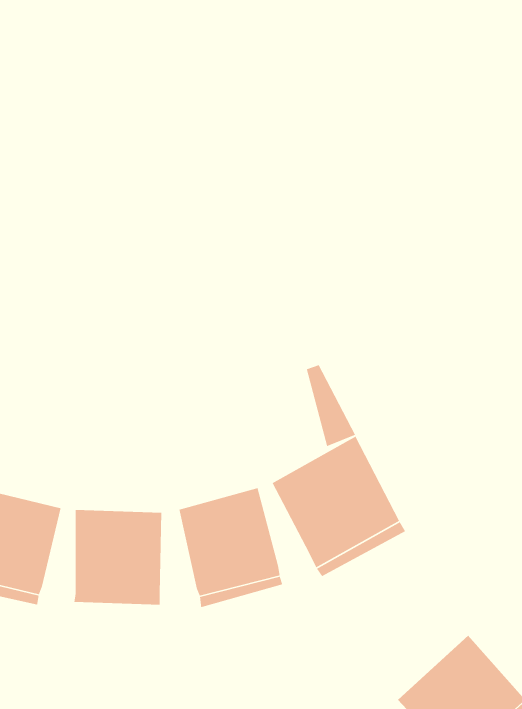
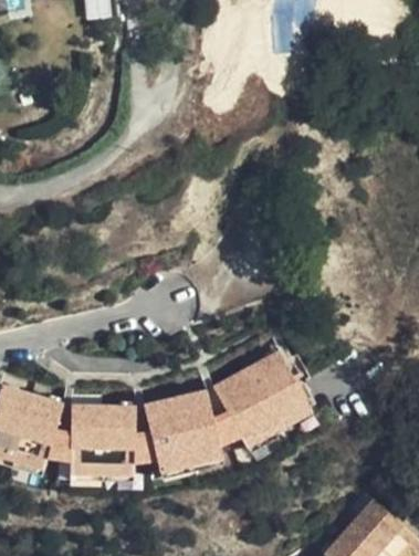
building: [306,364,356,447] -> [207,382,244,444]
building: none -> [45,401,70,465]
building: none -> [134,402,160,465]

